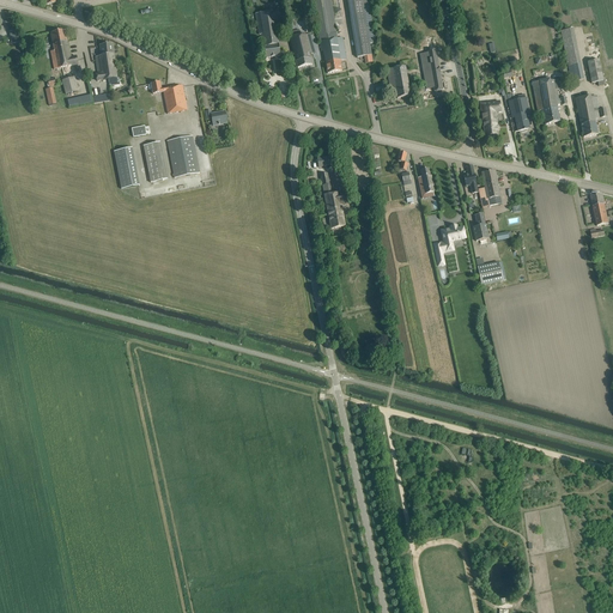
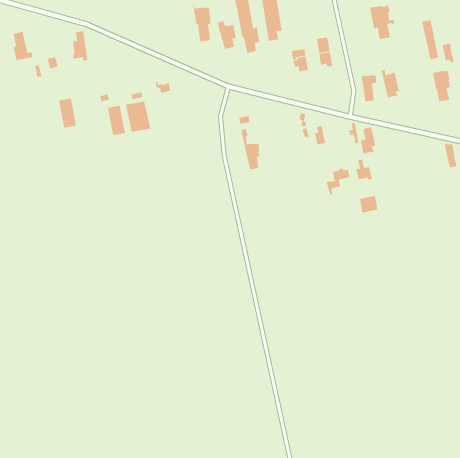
building: [50,28,78,67] -> [13,31,33,61]
building: [532,78,566,123] -> [369,6,395,40]
building: [151,80,187,111] -> none
building: [114,146,139,187] -> [58,98,77,128]

